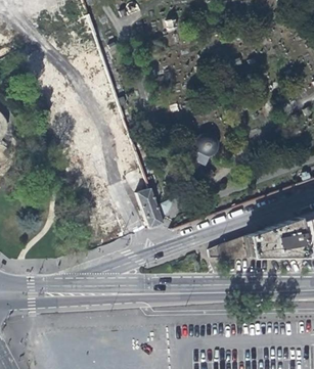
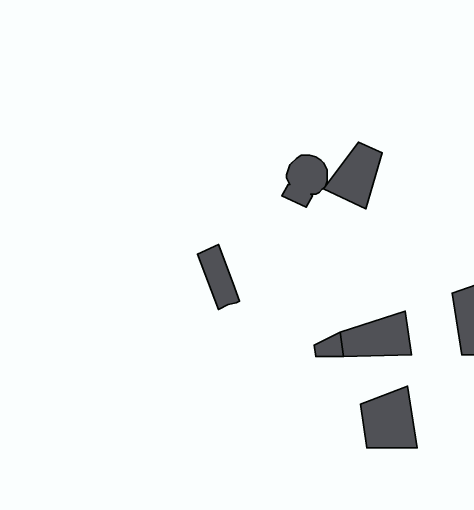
building: none -> [323,142,382,209]
building: [267,218,303,257] -> [360,386,417,448]

